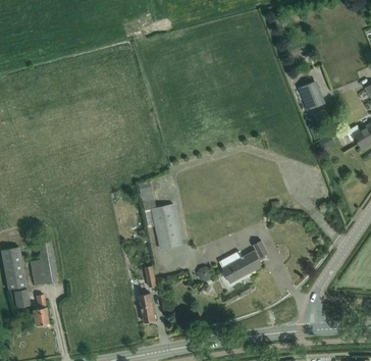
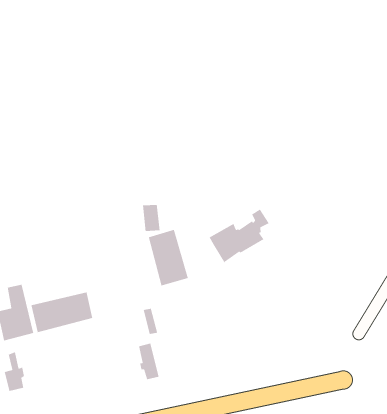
building: [299,81,326,111] -> none
building: [219,241,268,282] -> [209,209,270,264]
building: none -> [30,291,93,333]

